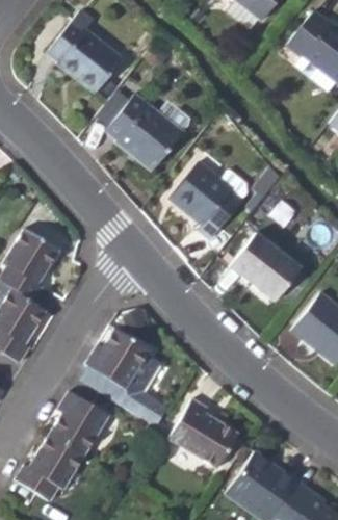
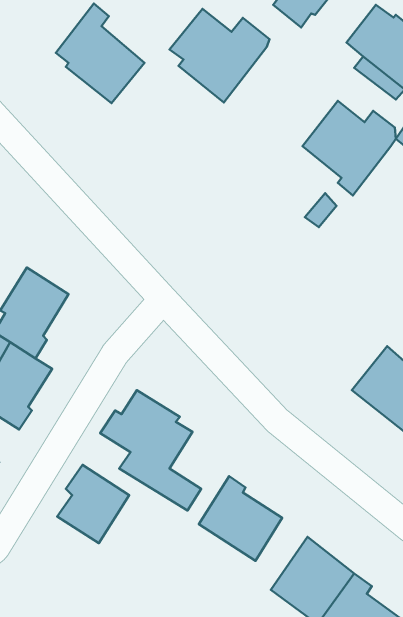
building: [107,95,189,172] -> [170,9,269,102]
building: [170,161,246,239] -> [302,101,396,196]
building: [231,233,301,301] -> none
building: [14,433,84,500] -> none

